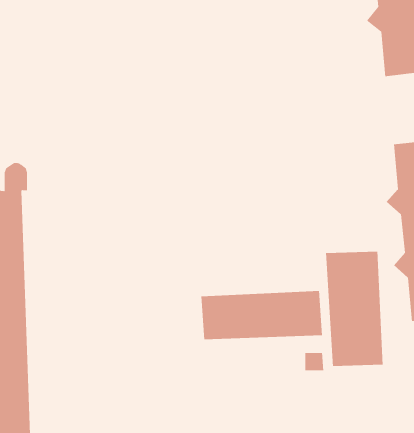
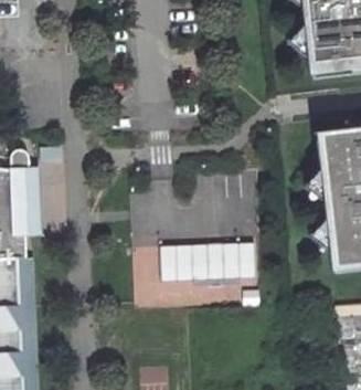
building: [325,251,383,367] -> none

